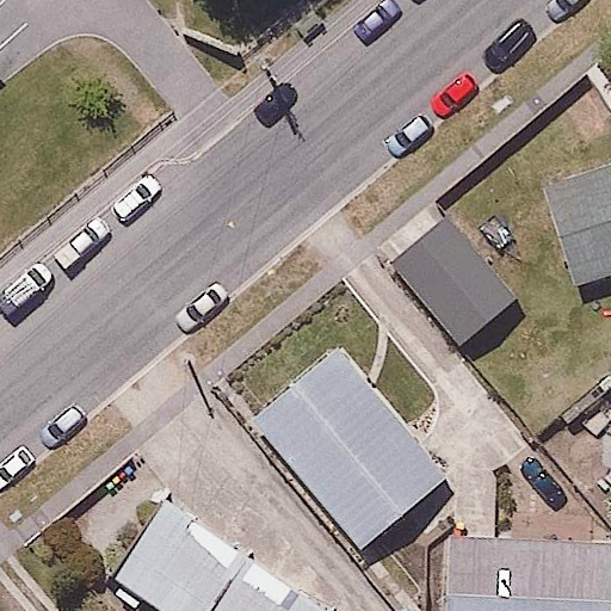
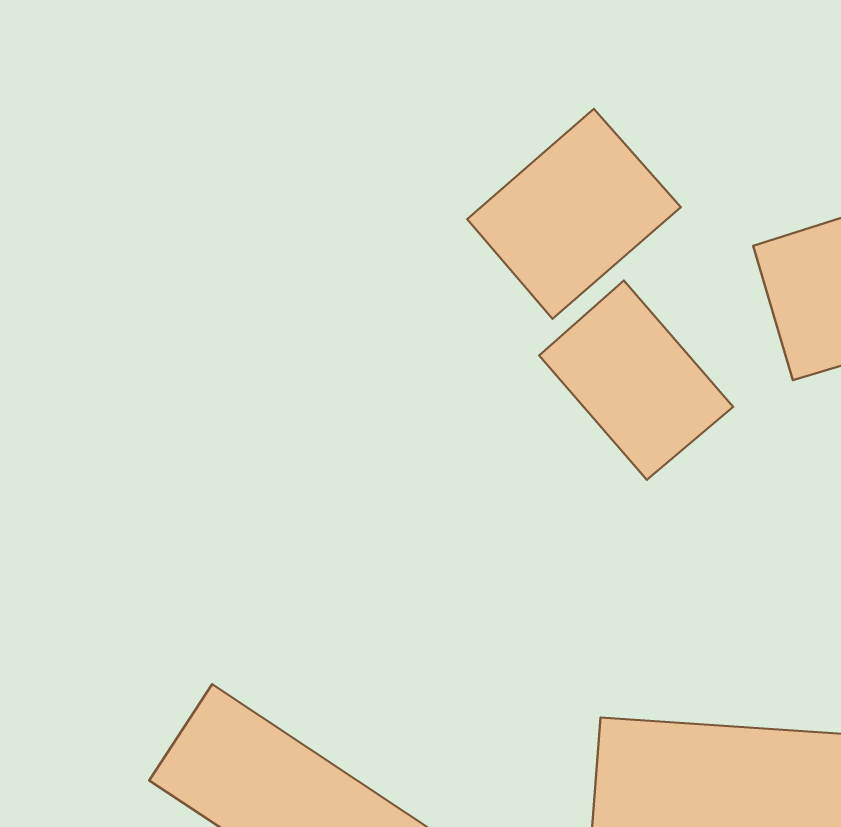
building: none -> [467,109,681,319]
building: [247,339,455,556] -> none

